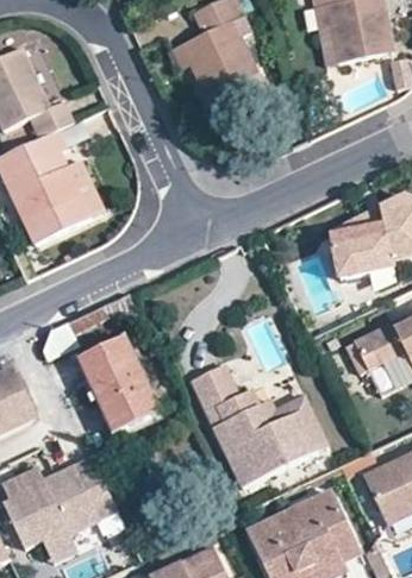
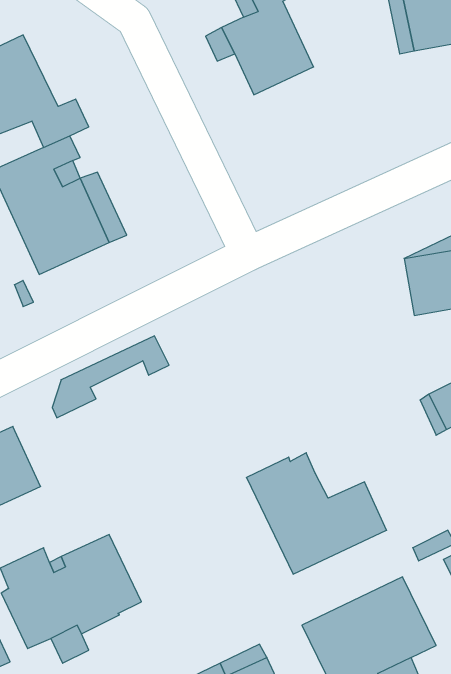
building: [82,340,156,433] -> none
building: [189,365,237,409] -> none
building: [258,395,327,452] -> none

